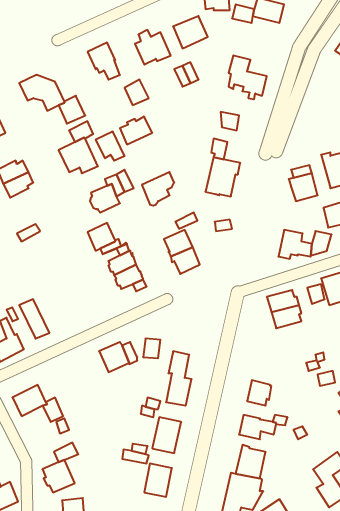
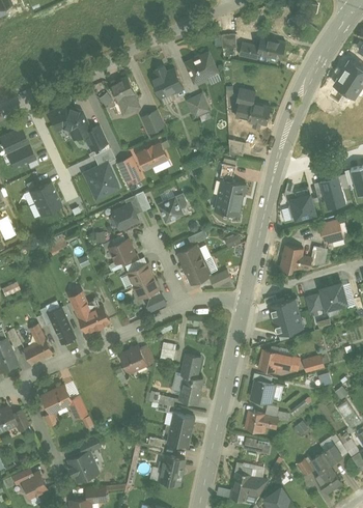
building: none -> [71,293,109,332]
building: none -> [258,347,299,372]

